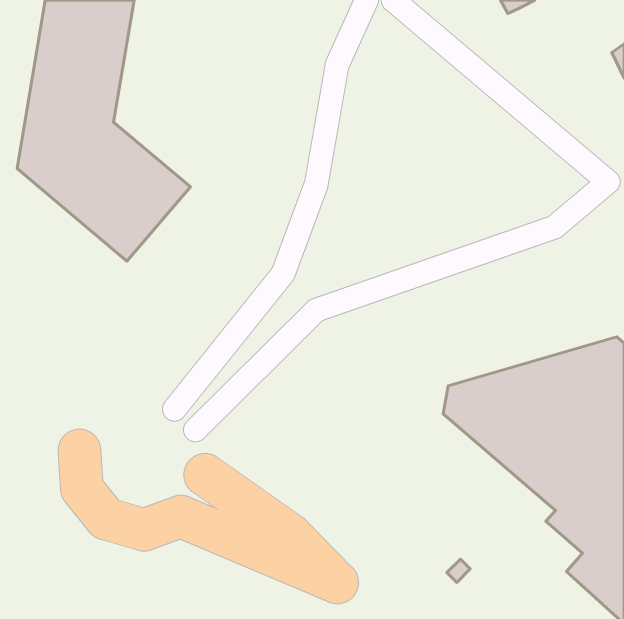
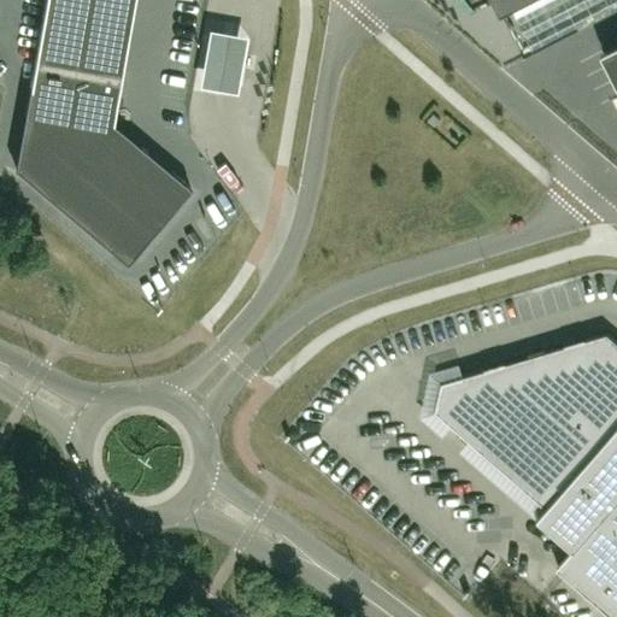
building: none -> [201,36,246,98]

